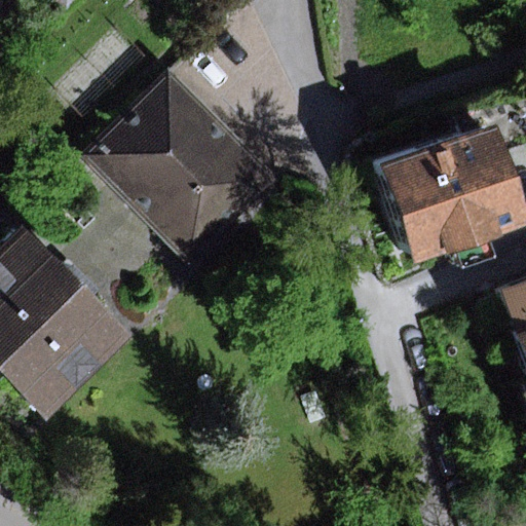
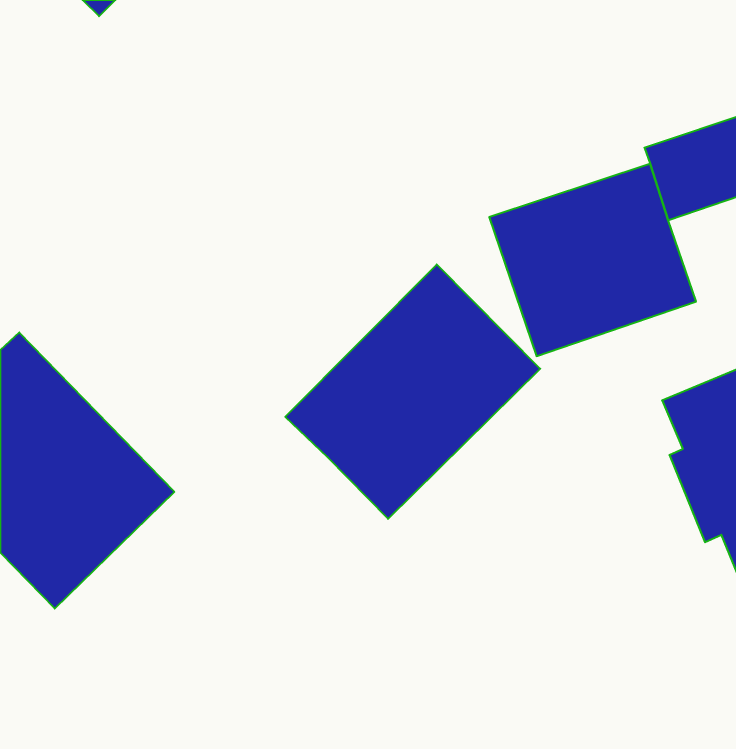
building: [103,81,290,268] -> none
building: none -> [285,264,540,519]

